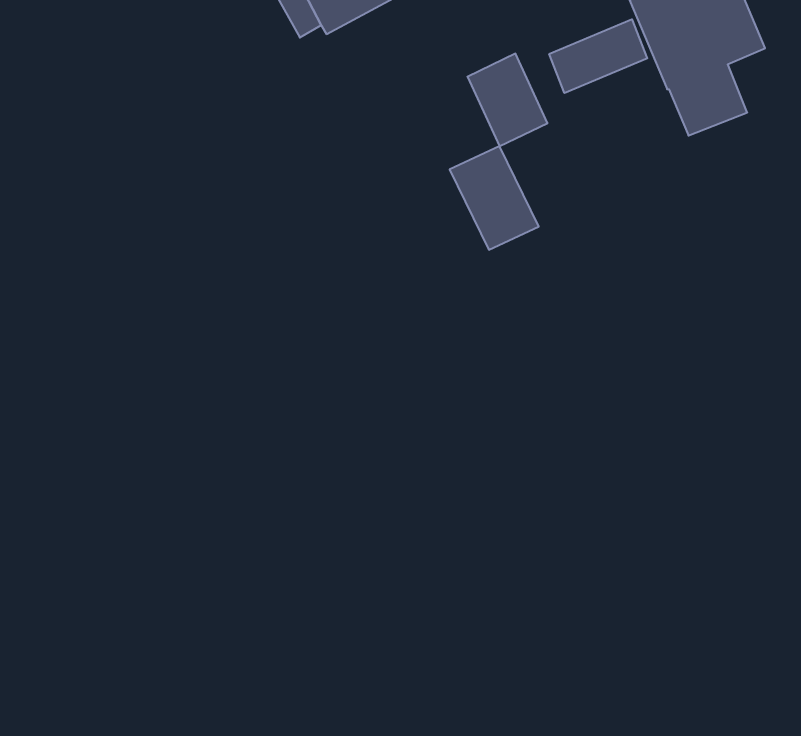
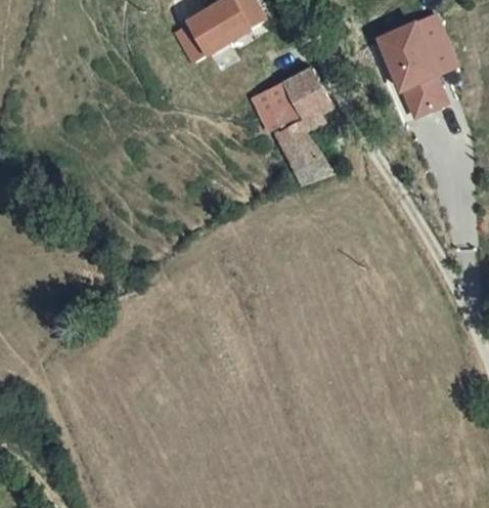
building: [549,19,647,93] -> none
building: none -> [251,81,304,136]

